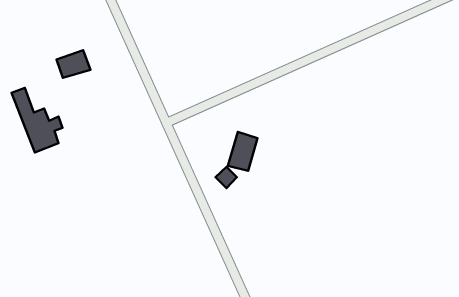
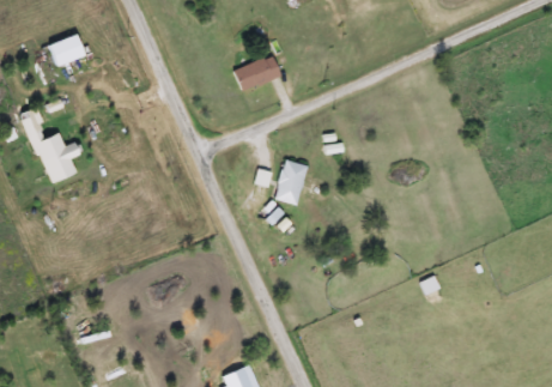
building: none -> [232,55,280,95]
building: [57,50,90,78] -> [46,35,85,67]

